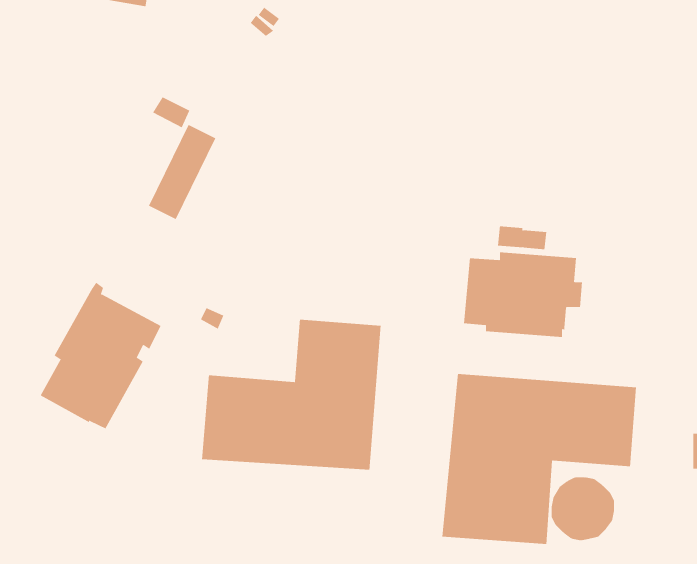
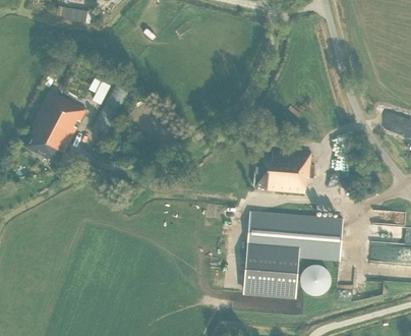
building: [40,282,162,429] -> [23,87,85,162]
building: [201,319,381,470] -> none

